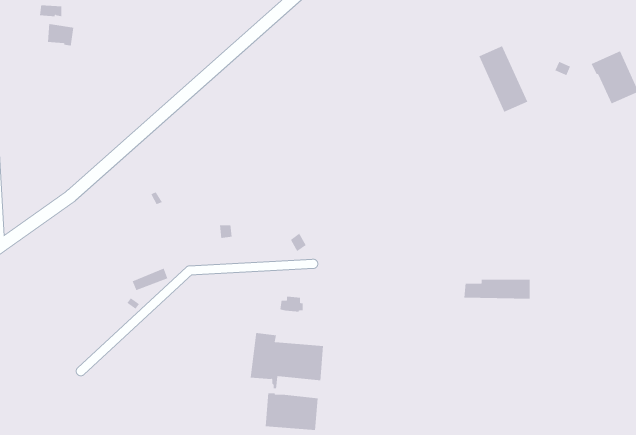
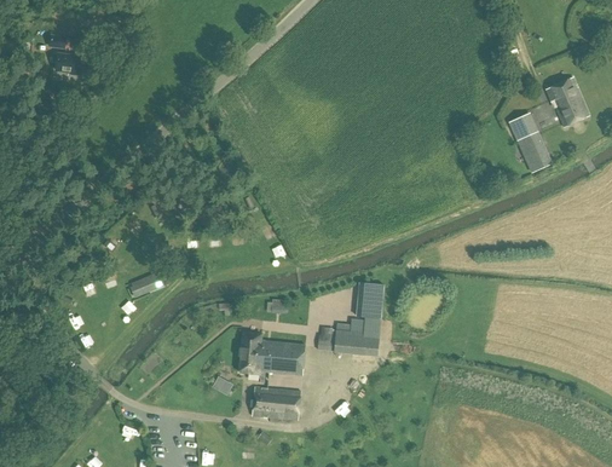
building: [478,46,528,113] -> [507,113,552,173]
building: none -> [354,282,383,318]
building: [463,279,531,299] -> [319,330,380,348]

